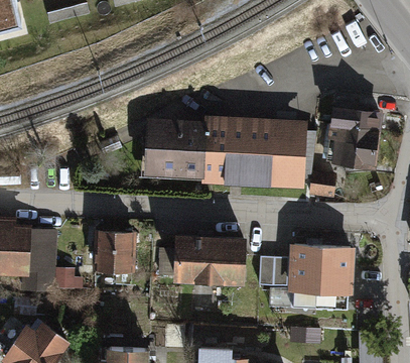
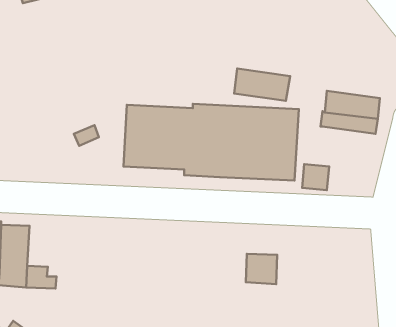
building: [326,139,379,169] -> [234,69,290,101]
building: [93,231,132,271] -> none
building: [173,234,247,283] -> none
building: [288,245,355,293] -> none

